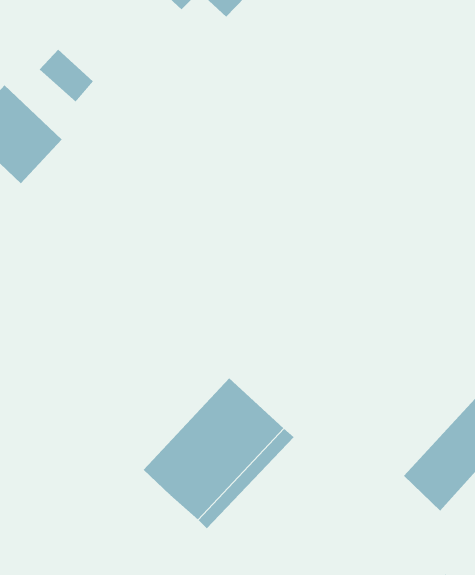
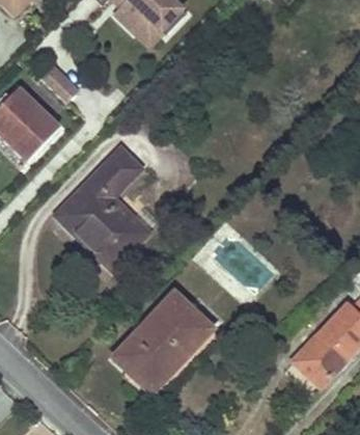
building: none -> [57,148,147,268]

